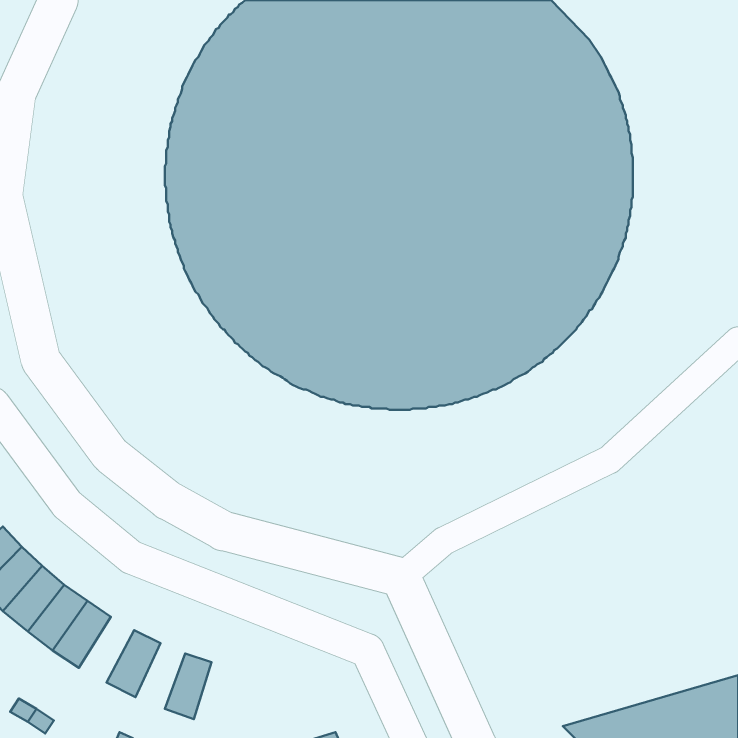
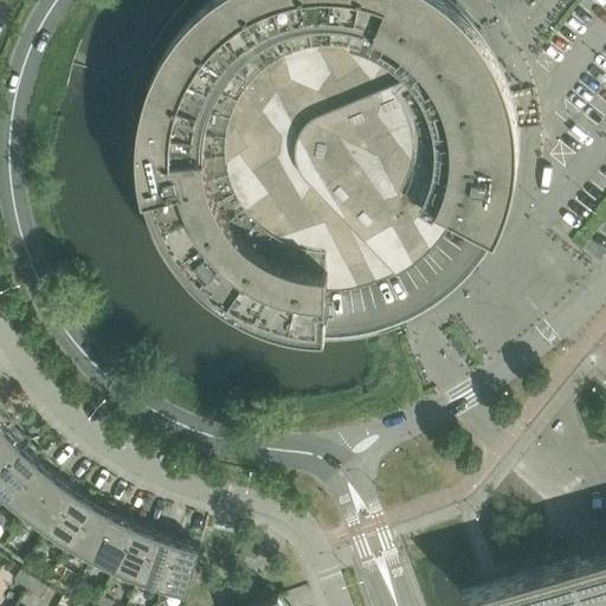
building: none -> [64,507,109,560]
building: none -> [110,528,150,581]
building: none -> [157,543,195,597]

